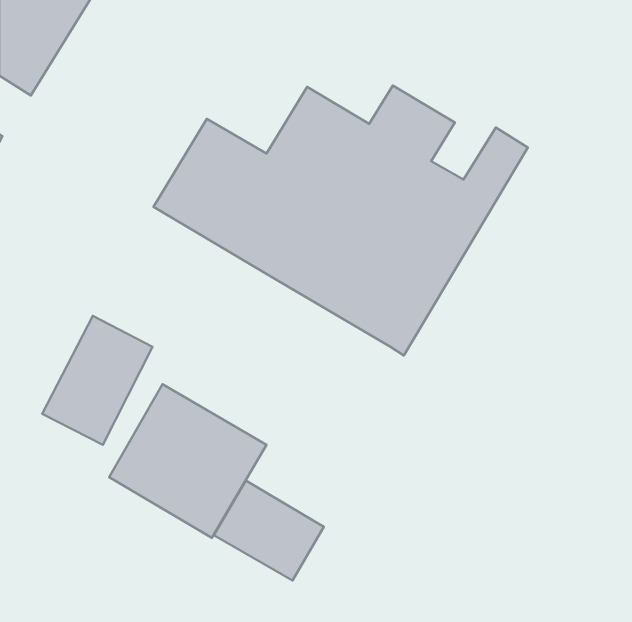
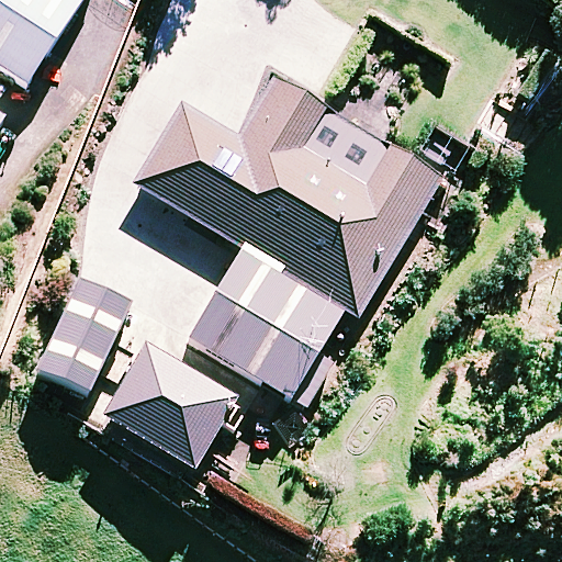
building: none -> [187,246,346,408]
building: [214,481,324,581] -> none

